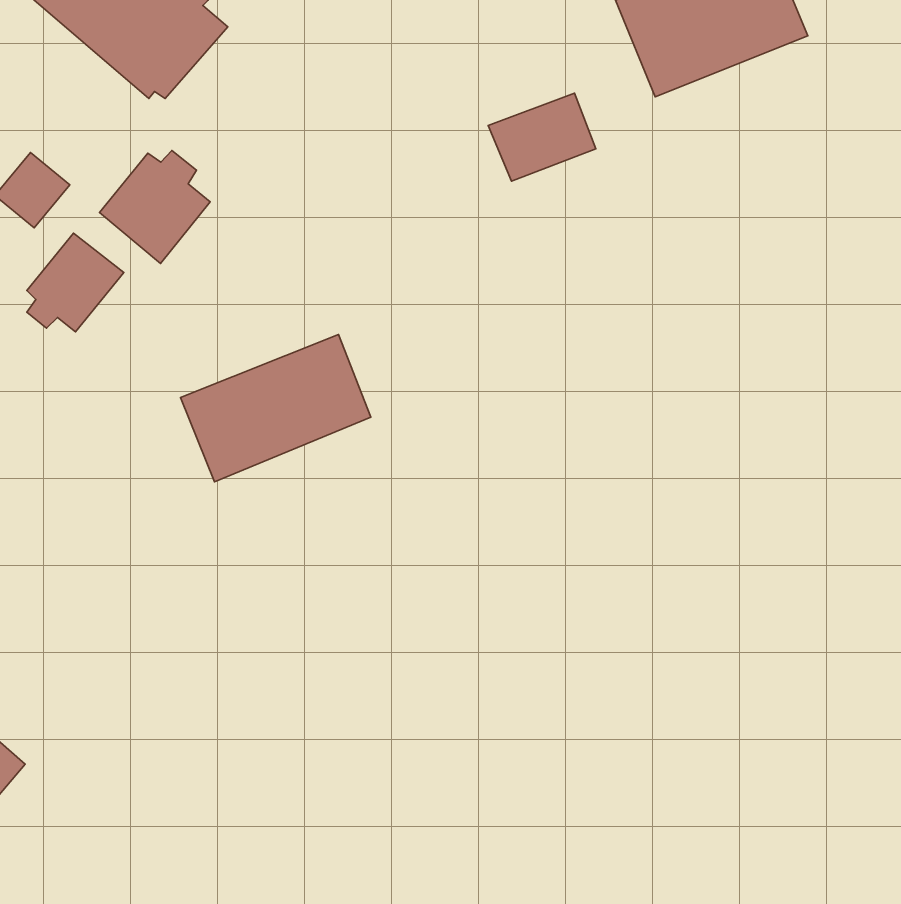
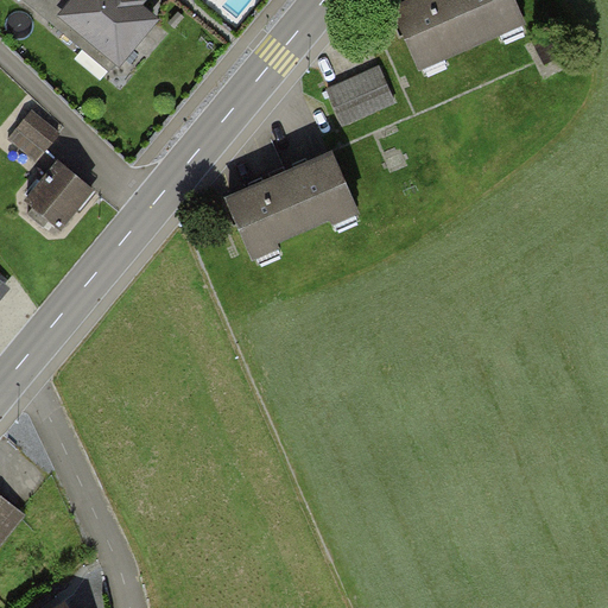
building: [100,150,210,263] -> none
building: [180,335,371,482] -> [239,153,365,251]

